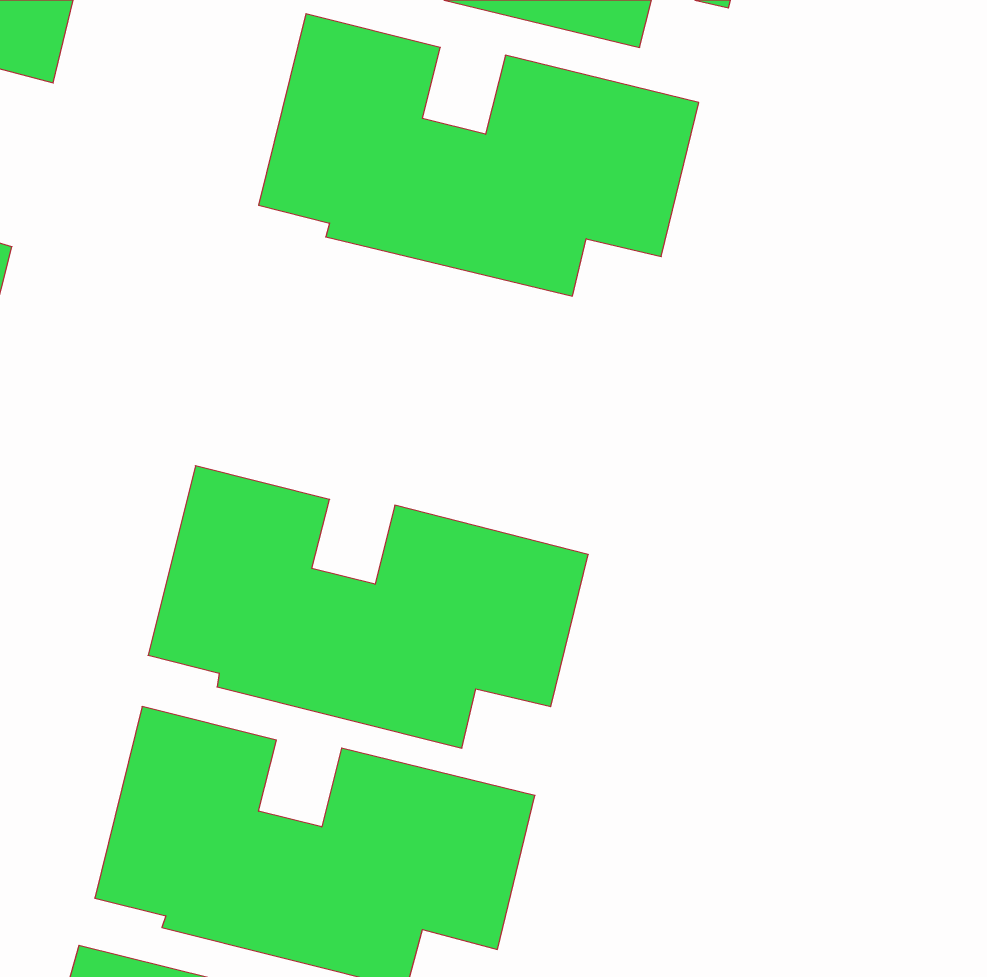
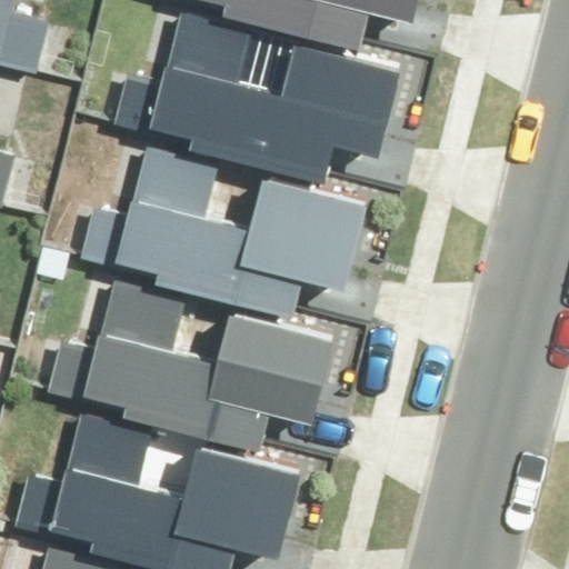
building: none -> [119,156,368,315]

